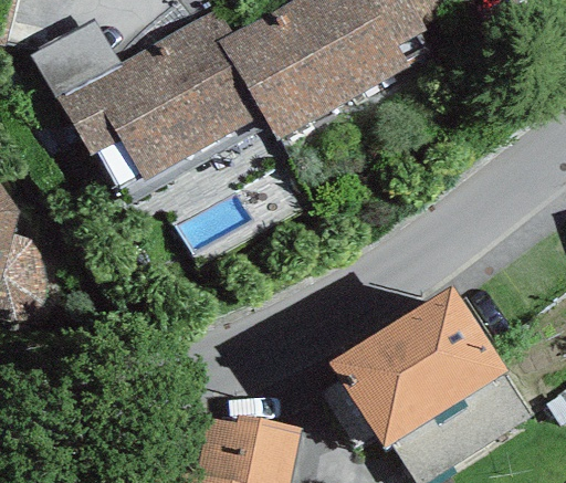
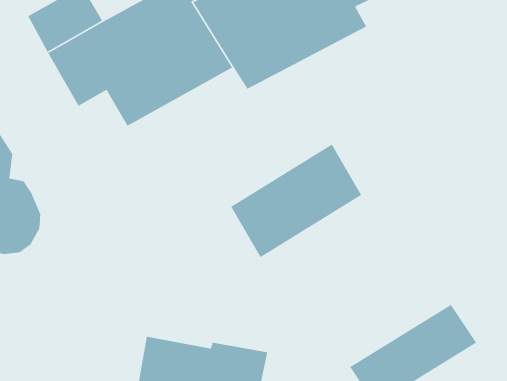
building: none -> [230,143,362,258]
building: [329,286,507,448] -> none

